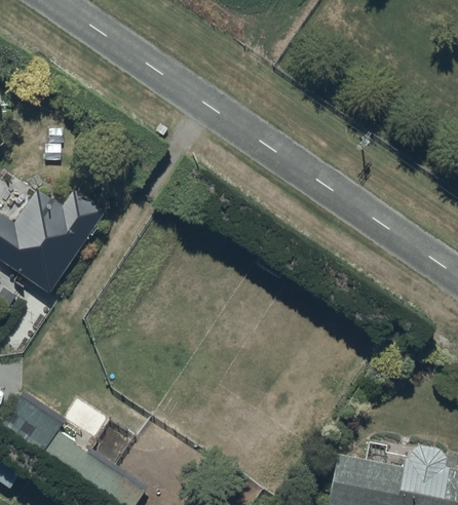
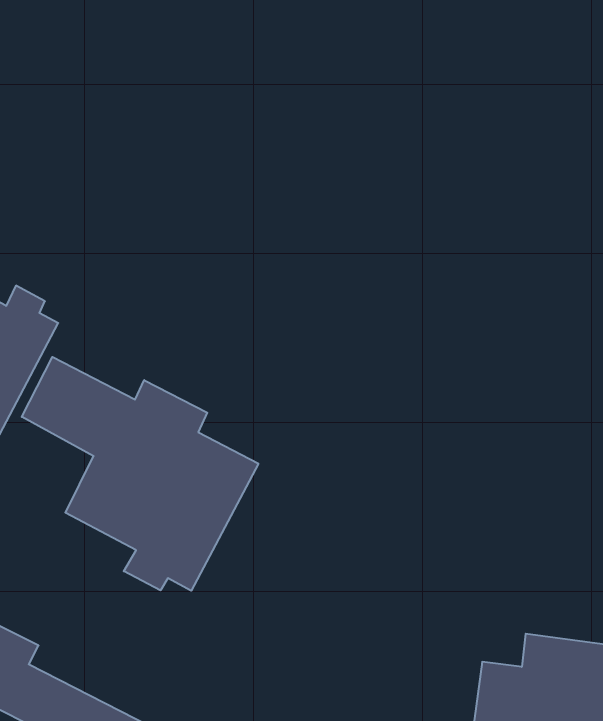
building: none -> [22,357,258,591]

